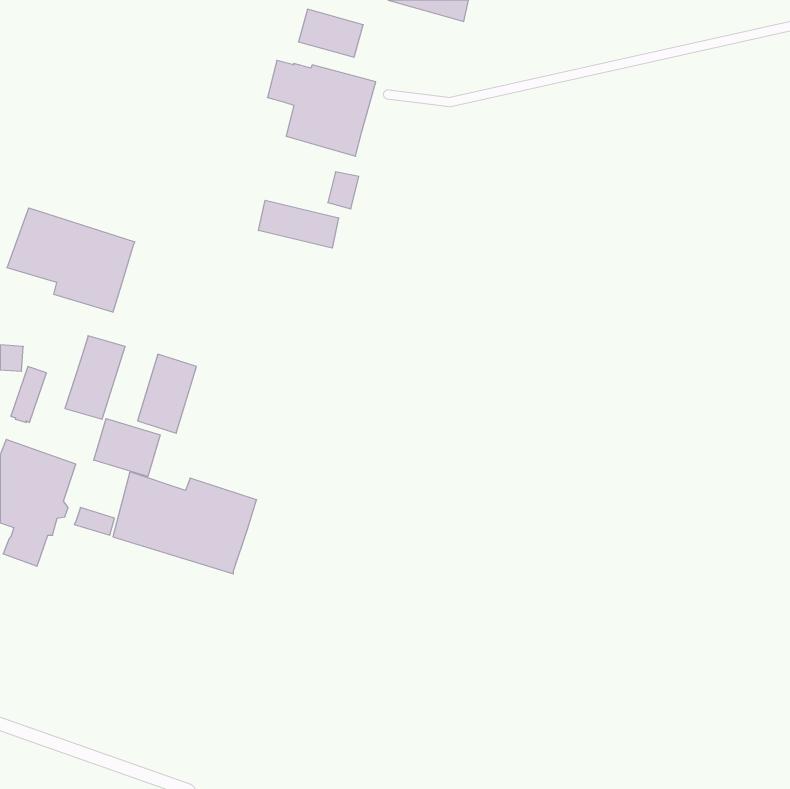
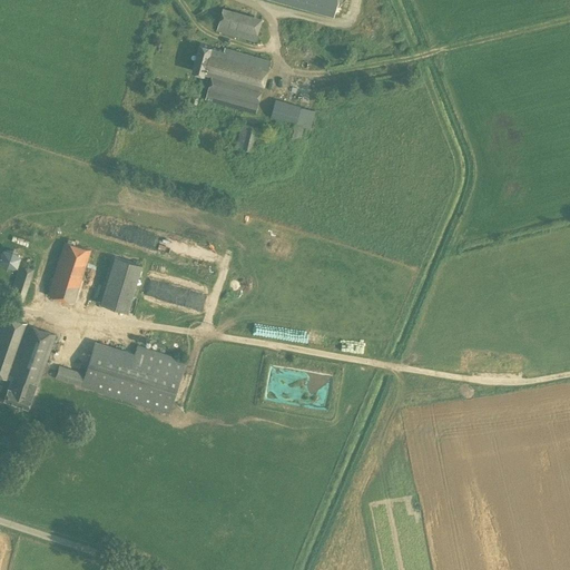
building: none -> [271,100,315,141]
building: [259,200,339,248] -> none
building: [7,208,135,312] -> none
building: [94,419,160,477] -> none

